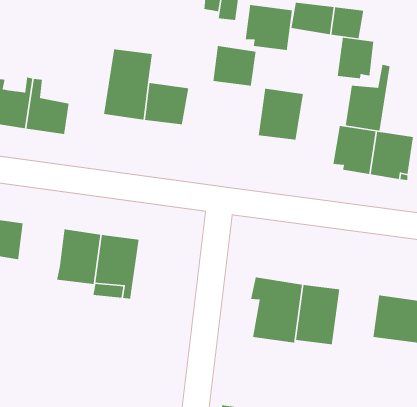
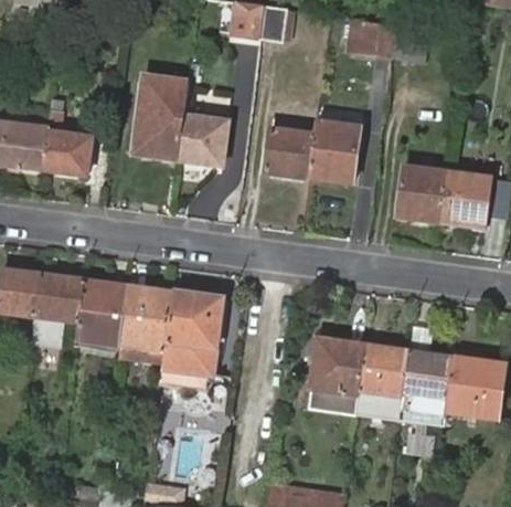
building: [245,4,293,51] -> none
building: [337,37,374,79] -> none
building: [212,45,256,86] -> [266,127,317,175]
building: [345,64,390,131] -> none
building: none -> [32,275,87,347]
building: none -> [163,294,222,383]
building: none -> [397,351,450,422]

